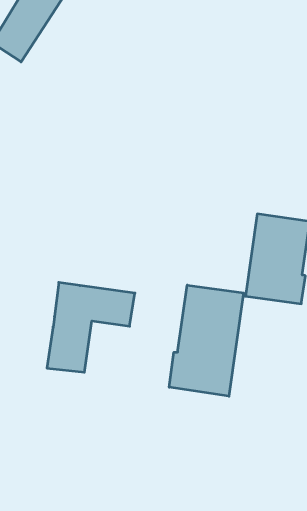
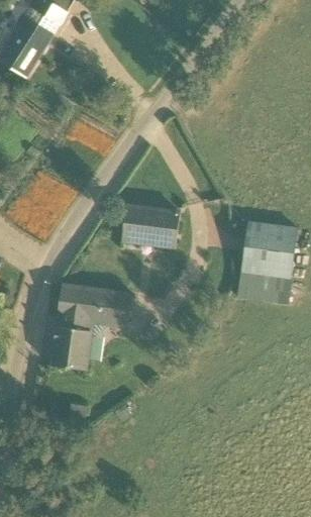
building: none -> [122,206,180,246]
building: [169,285,244,396] -> none

